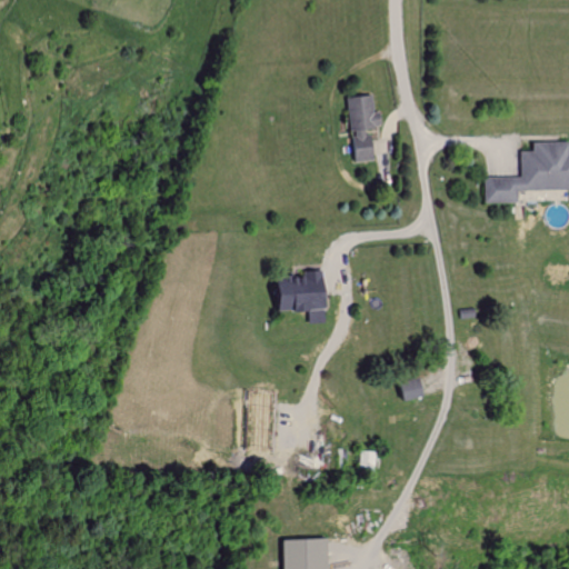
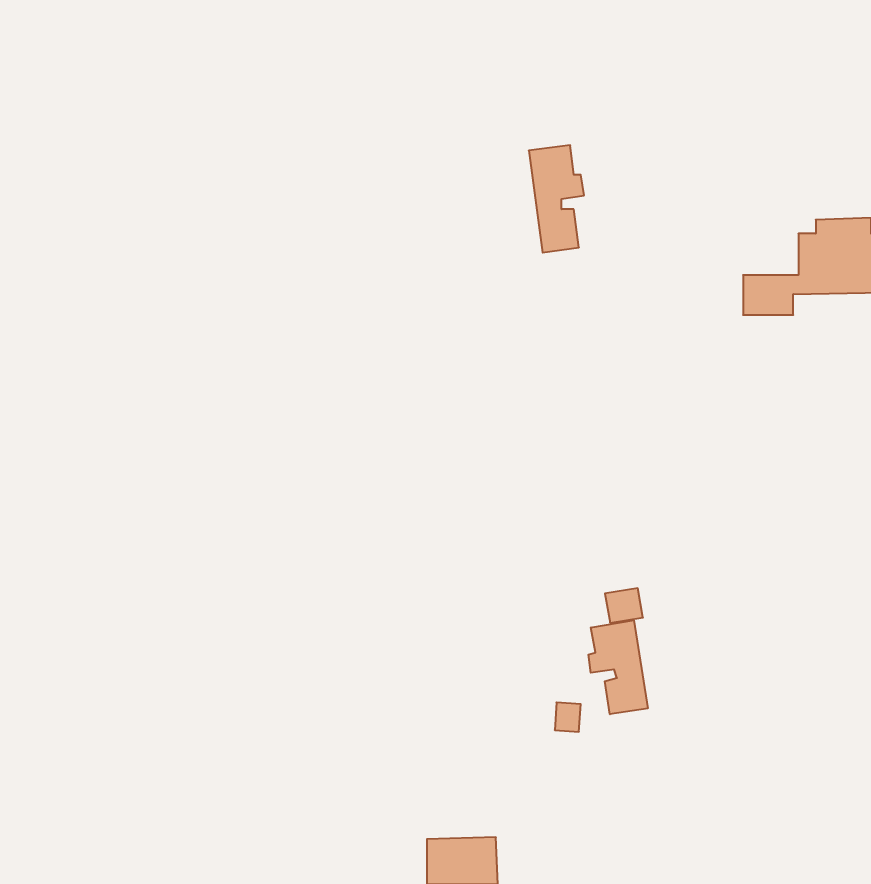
building: [268,273,328,323] -> none
building: none -> [588,620,648,714]

